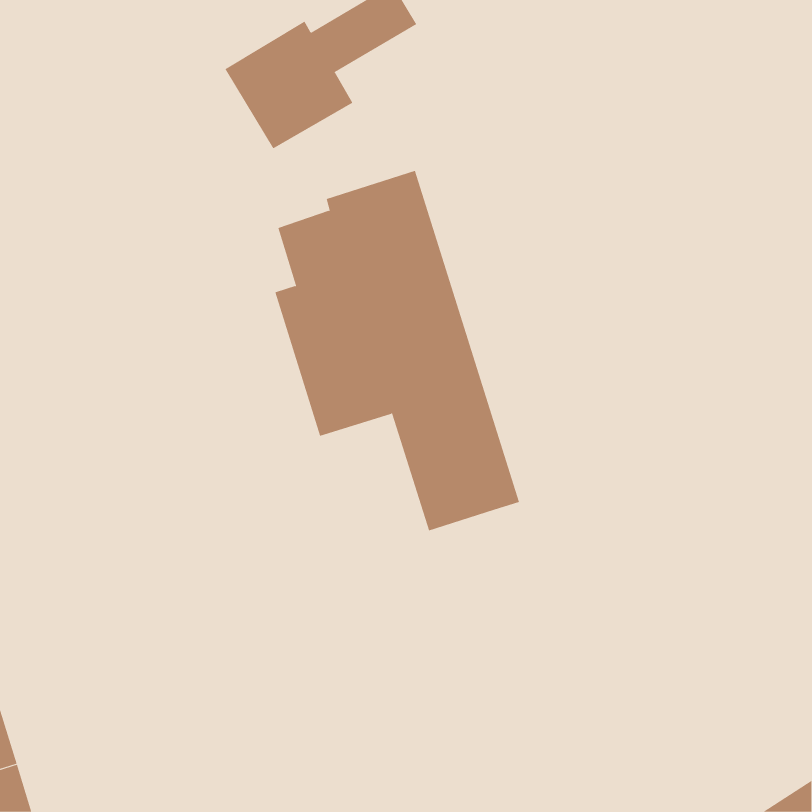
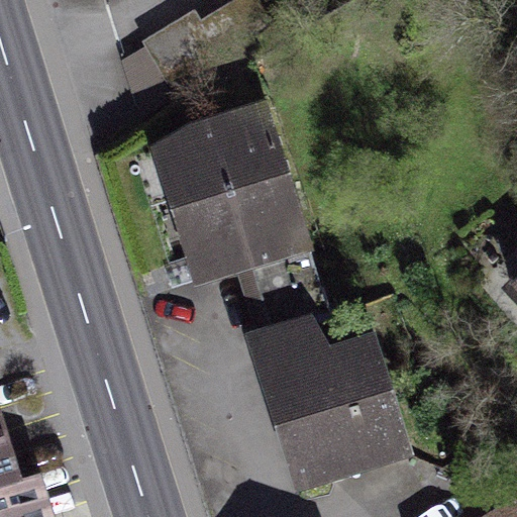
building: none -> [255,321,398,479]

